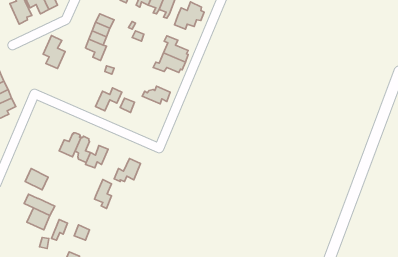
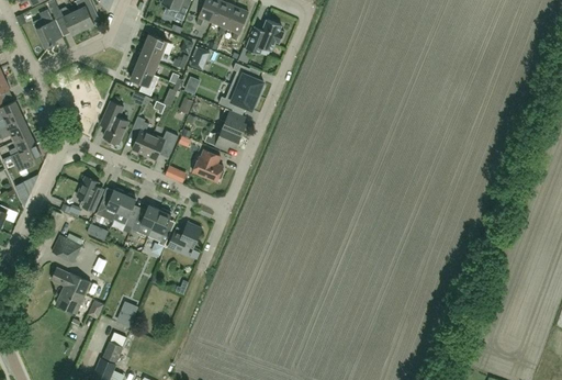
building: [43,35,65,69] -> [99,100,127,143]
building: none -> [220,108,245,135]
building: none -> [131,115,151,154]
building: none -> [191,148,222,181]
building: none -> [76,176,102,211]
building: [95,180,111,208] -> [148,209,170,246]

